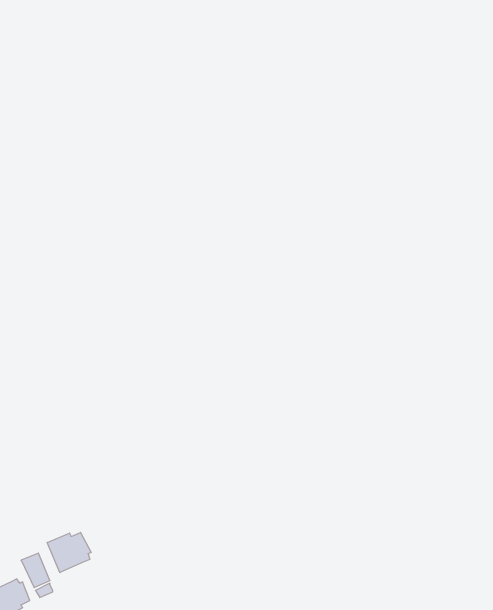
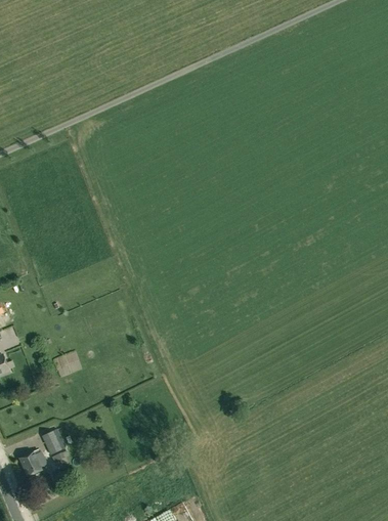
building: [47,532,91,573] -> none

